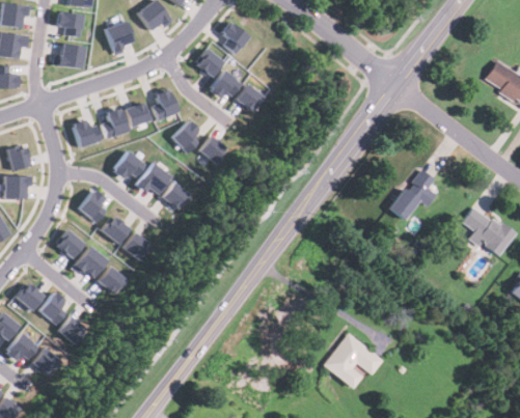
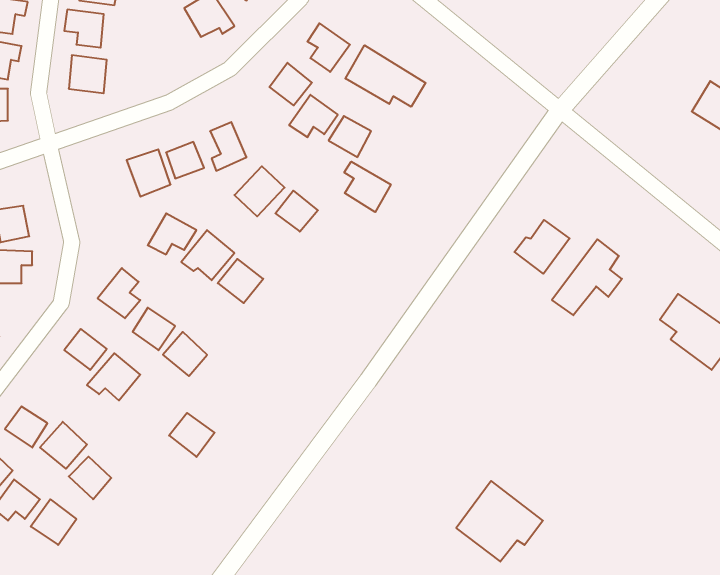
building: [103,20,132,55] -> none
building: none -> [345,45,426,107]
building: none -> [344,162,391,212]
building: [73,119,101,146] -> none
building: none -> [514,220,570,274]
building: [97,266,128,296] -> [169,413,215,457]

